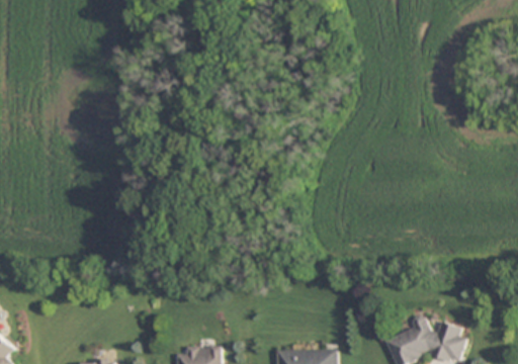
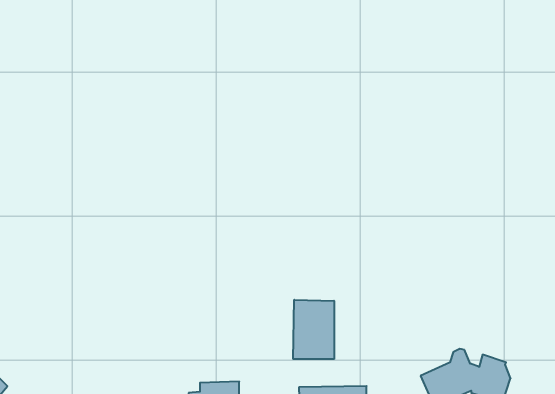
building: none -> [293,300,334,359]

